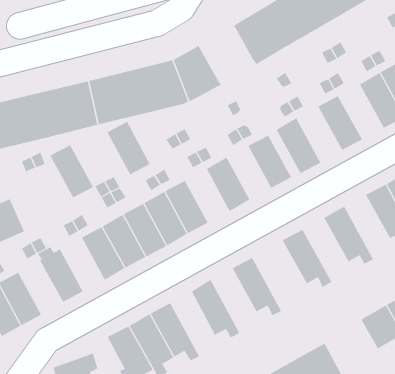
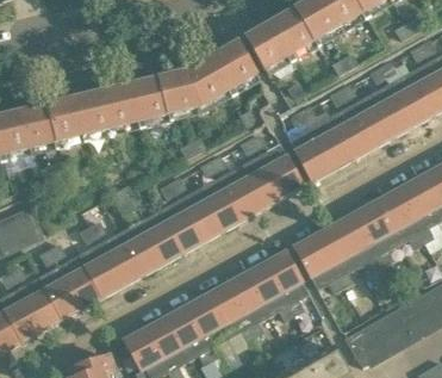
building: none -> [213,41,260,93]
building: none -> [349,93,393,147]
building: none -> [309,114,353,169]
building: [107,121,151,175] -> [200,175,243,228]
building: [50,144,94,198] -> [79,242,122,295]
building: none -> [241,153,284,205]
building: none -> [355,200,399,264]
building: none -> [315,223,362,285]
building: none -> [266,249,310,314]
building: none -> [38,265,81,317]
building: none -> [225,272,269,335]
building: none -> [186,295,229,358]
building: none -> [347,322,387,365]

